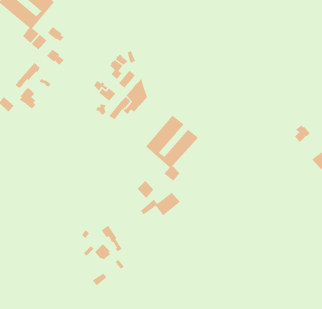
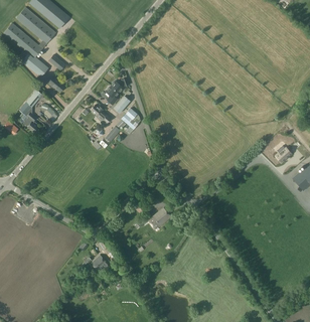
building: [145,115,199,182] -> none

